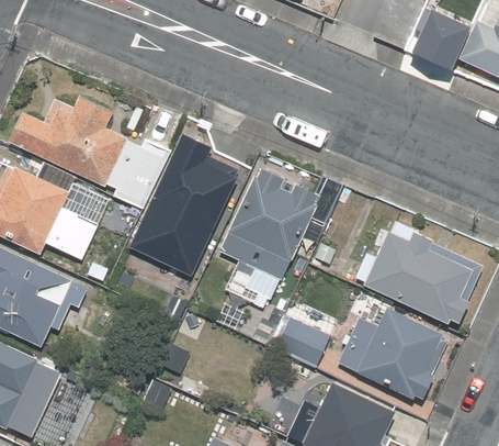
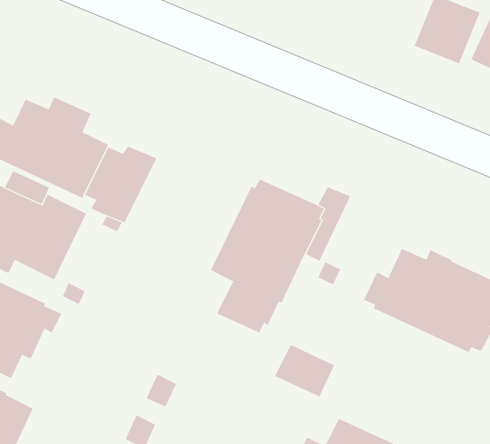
building: [129,134,240,277] -> none
building: [338,306,450,400] -> none

